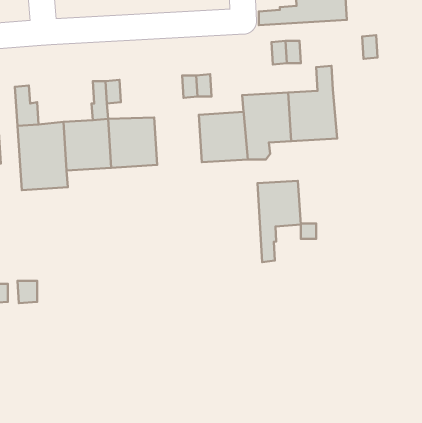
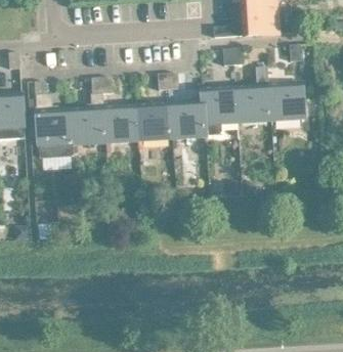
building: none -> [267,83,304,121]
building: none -> [136,103,171,140]
building: [258,181,301,262] -> none

